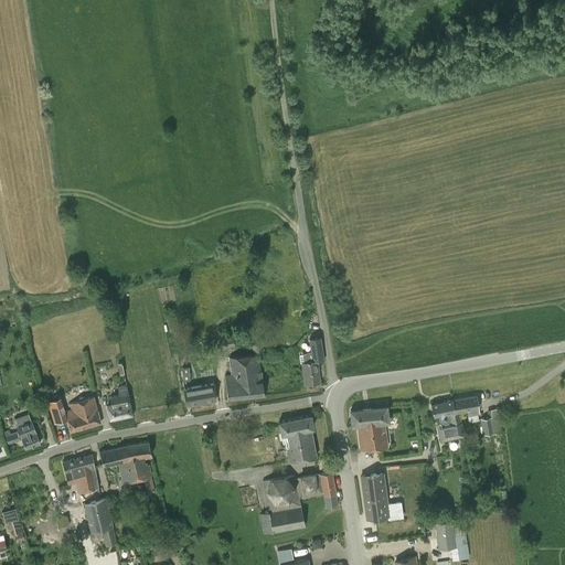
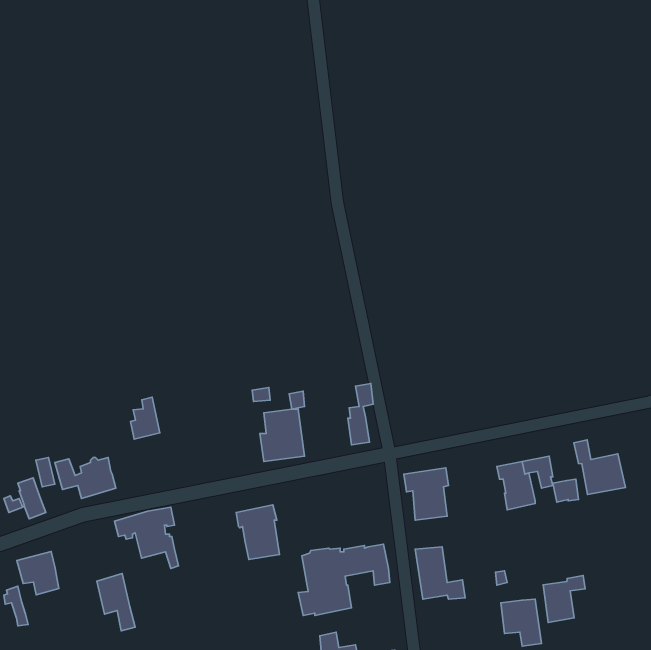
building: none -> [574,440,625,495]
building: [183,384,215,407] -> none
building: [107,386,132,423] -> [130,397,160,439]
building: [278,415,316,462] -> [236,505,279,560]
building: [62,456,98,493] -> [17,552,59,595]
building: none -> [543,575,585,623]

